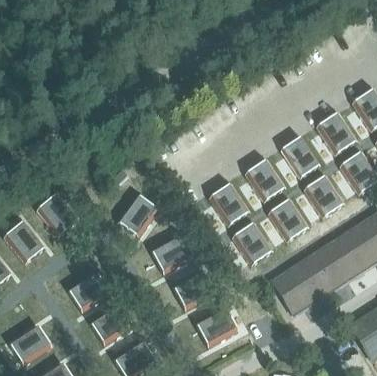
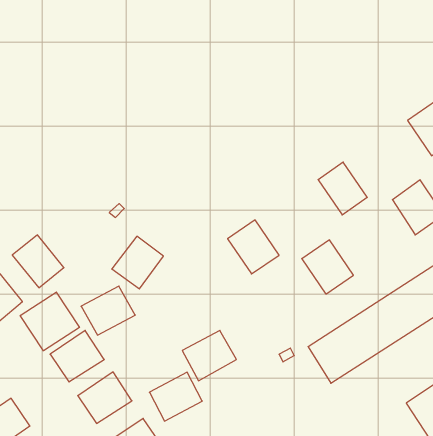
building: [315,113,357,156] -> none
building: [244,159,285,202] -> none
building: [303,175,344,219] -> none
building: [231,222,273,266] -> none
building: [150,235,193,274] -> [81,286,135,335]
building: none -> [20,292,79,351]
building: [195,308,237,347] -> [149,372,202,421]

